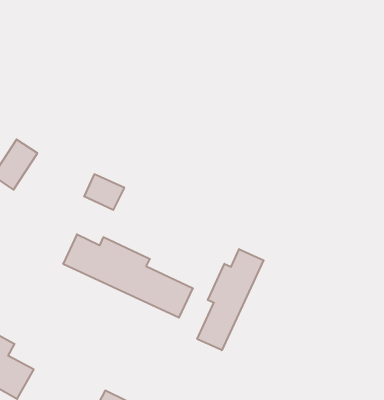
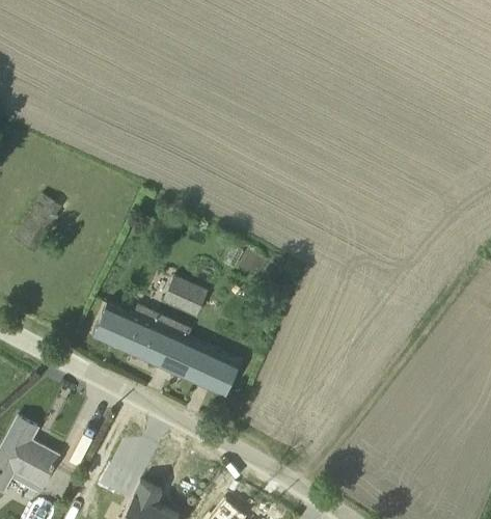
building: [84,174,124,210] -> [163,276,209,317]
building: [197,249,264,350] -> none

